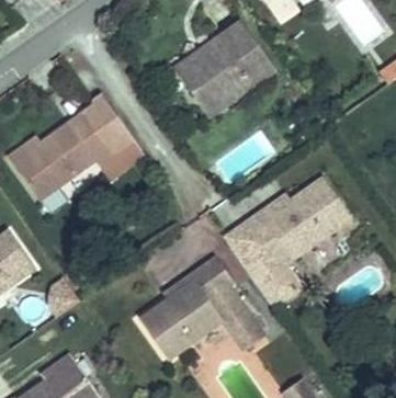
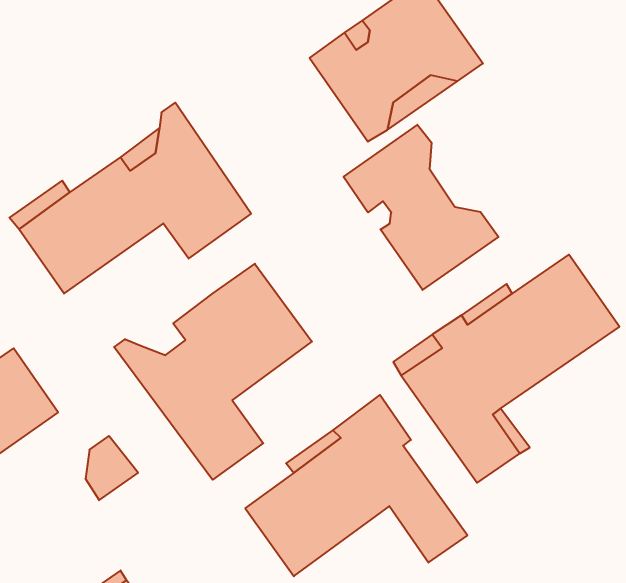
building: none -> [344,125,498,290]
building: none -> [114,264,312,480]

